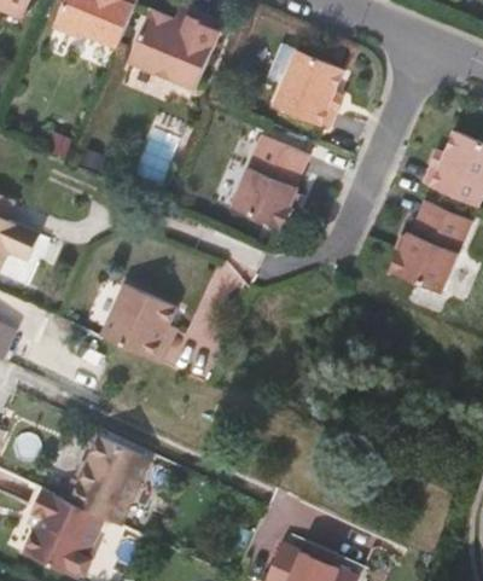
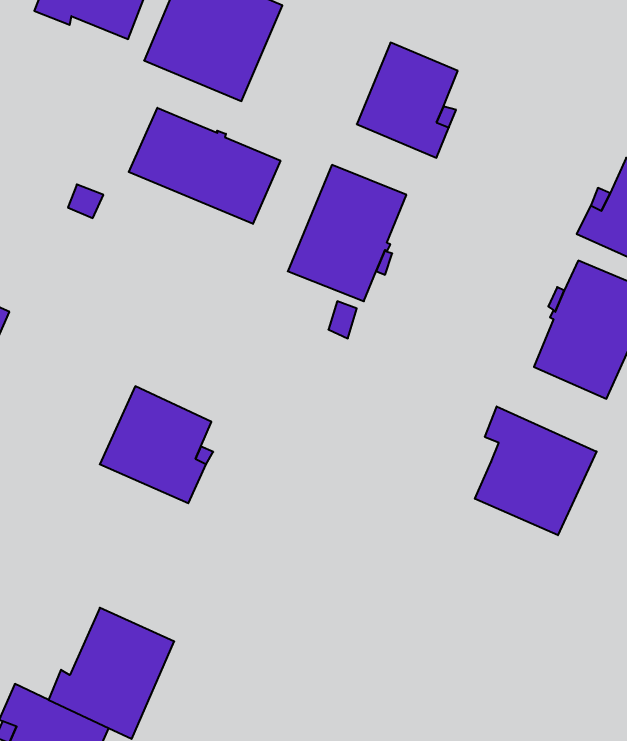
building: none -> [129,108,280,224]
building: none -> [475,406,597,535]

